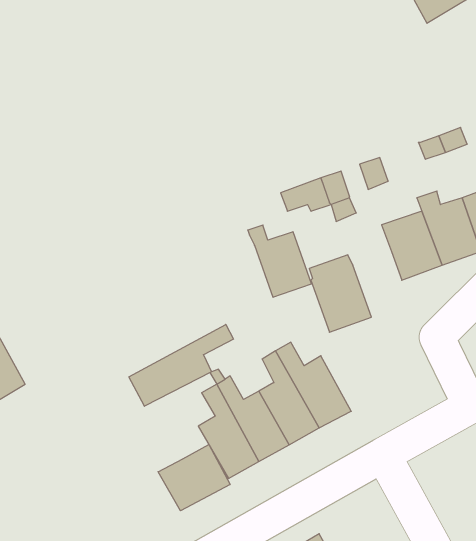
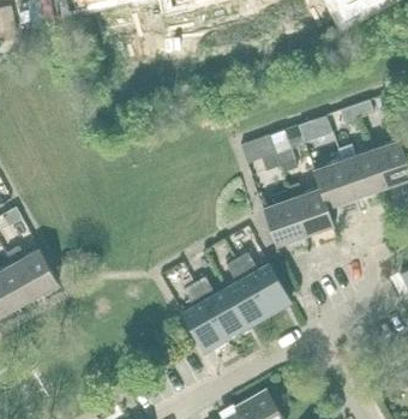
building: [248,225,312,297] -> [288,184,334,235]
building: [129,324,233,406] -> none
building: [158,444,230,511] -> none

